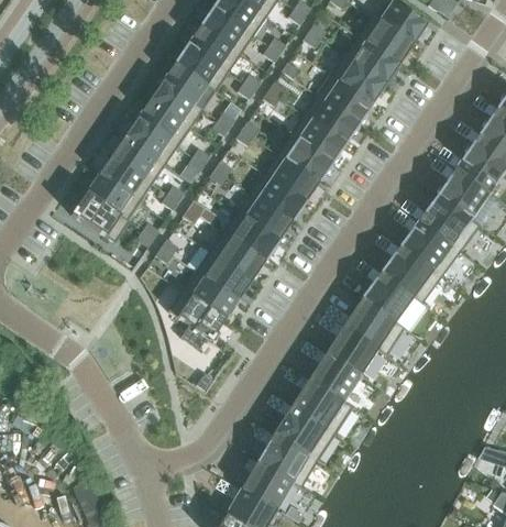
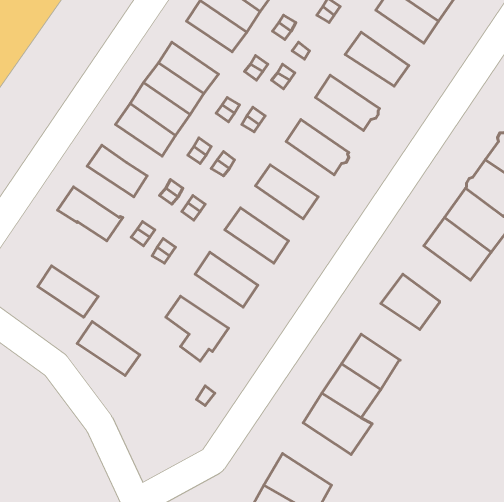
building: [343,35,399,85] -> none
building: [174,45,228,92] -> none
building: [316,75,373,123] -> none
building: [289,113,345,163] -> none
building: [111,138,165,184] -> none
building: [262,153,319,202] -> none
building: [86,175,140,221] -> [38,266,98,317]
building: [235,193,292,242] -> none
building: [208,232,265,282] -> none
building: [381,246,441,304] -> none
building: [182,272,238,320] -> [77,322,140,376]
building: [343,298,405,355] -> none
building: [273,405,334,461] -> none

